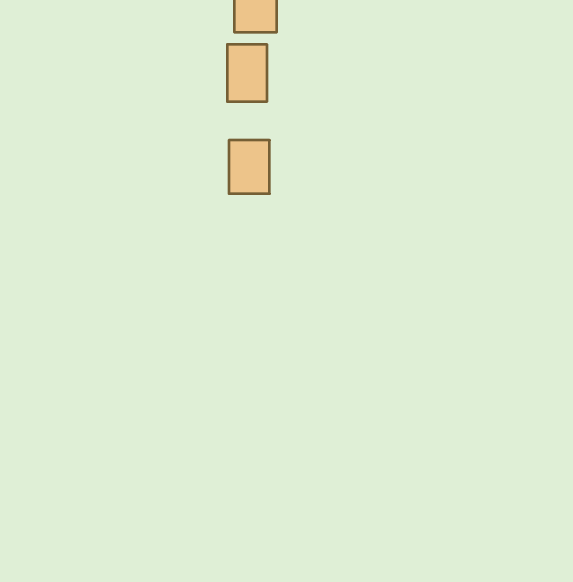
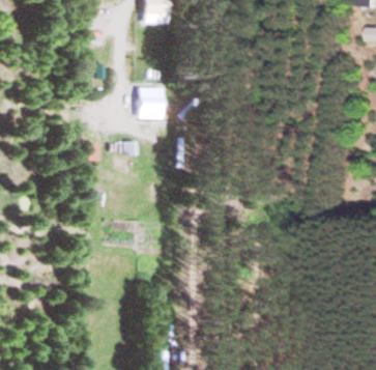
building: [227,44,267,102] -> none

